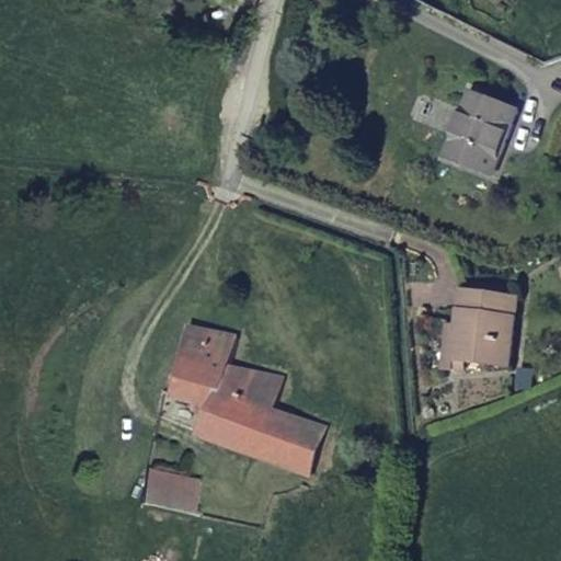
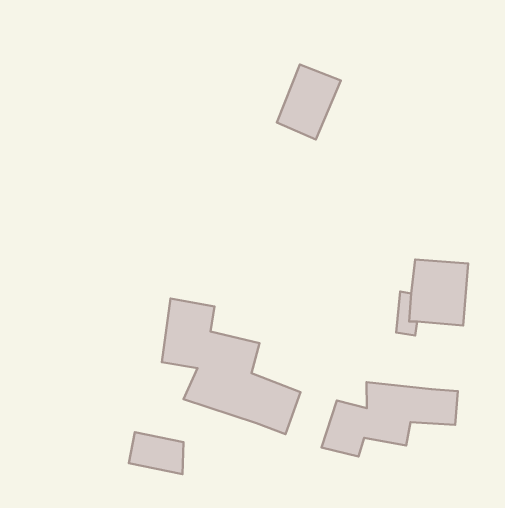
building: [435,80,505,162] -> [277,65,341,139]
building: none -> [322,382,458,456]

